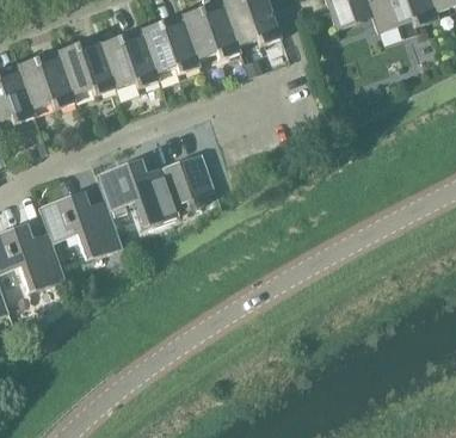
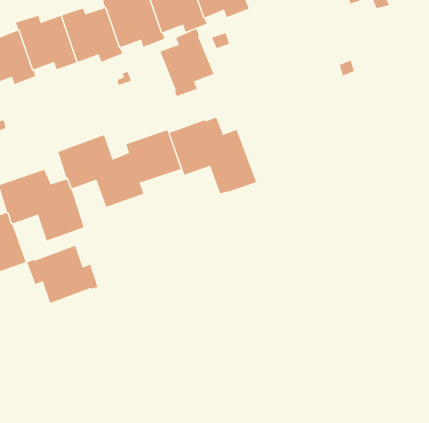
building: none -> [160,28,214,97]
building: none -> [169,117,257,194]
building: none -> [26,245,98,304]

